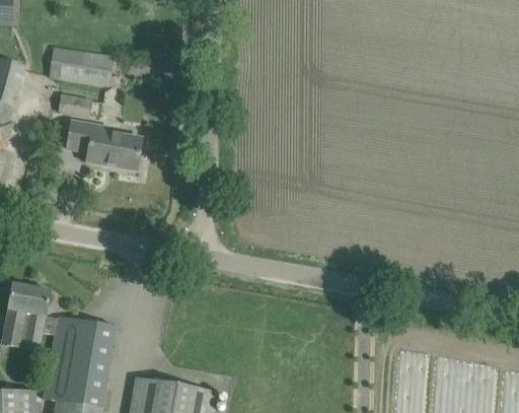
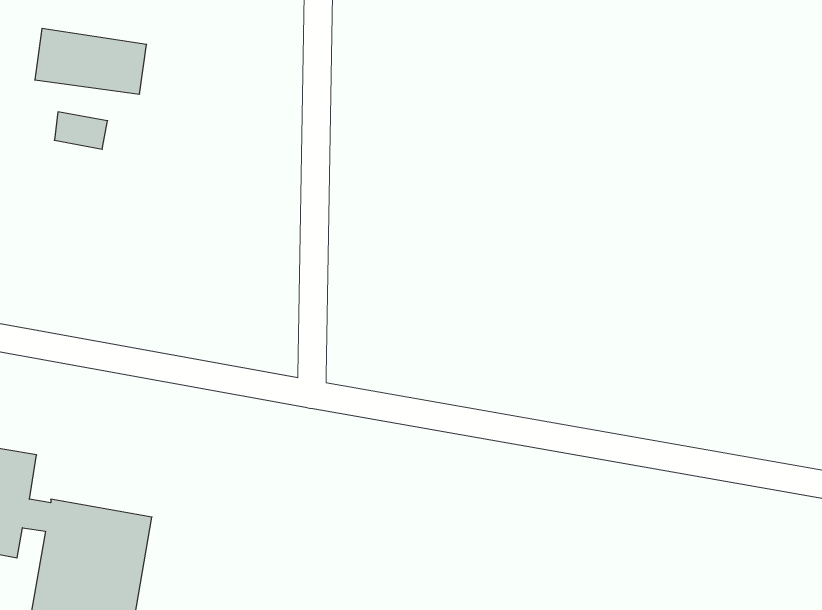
building: [67,122,142,170] -> none

